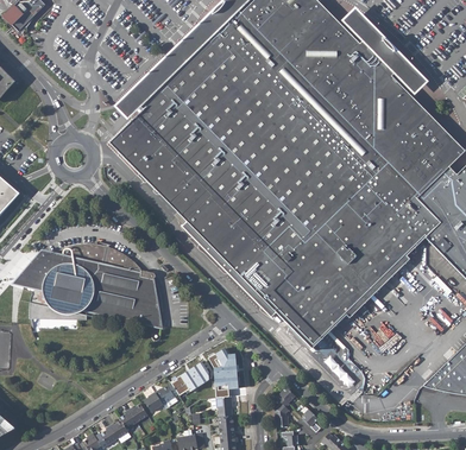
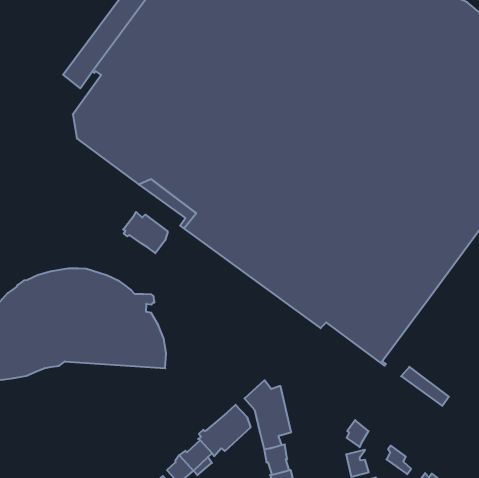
building: none -> [123,212,168,253]

